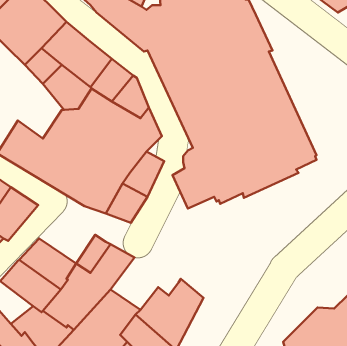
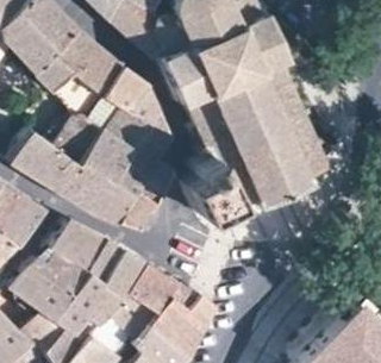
building: none -> [51,221,107,270]
building: none -> [123,264,191,317]

